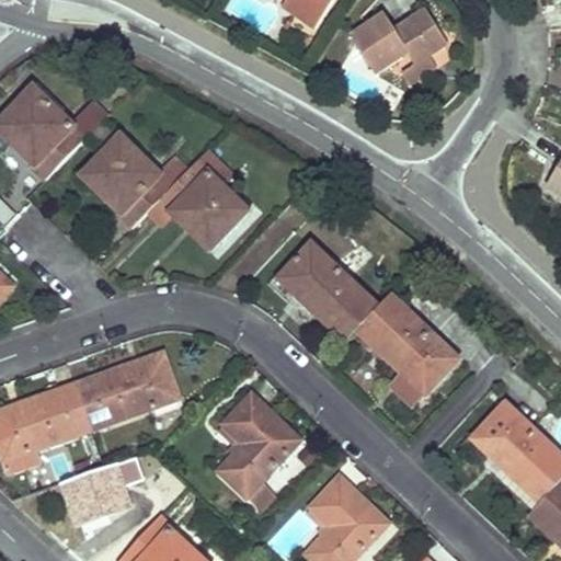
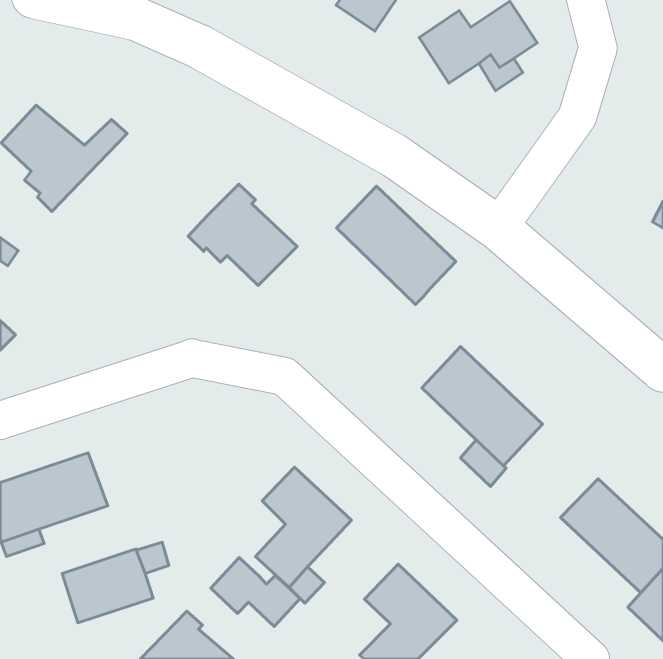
building: [90,134,175,226] -> none
building: [277,241,378,341] -> [336,186,456,304]
building: [75,353,178,427] -> none
building: none -> [211,558,300,627]

